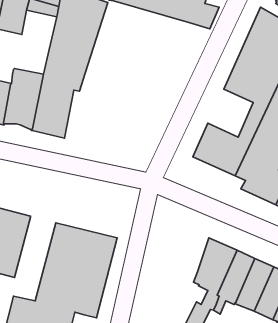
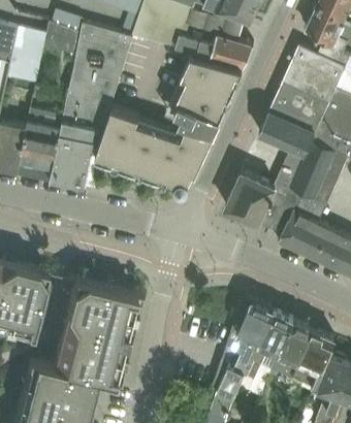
building: none -> [96,56,244,194]

